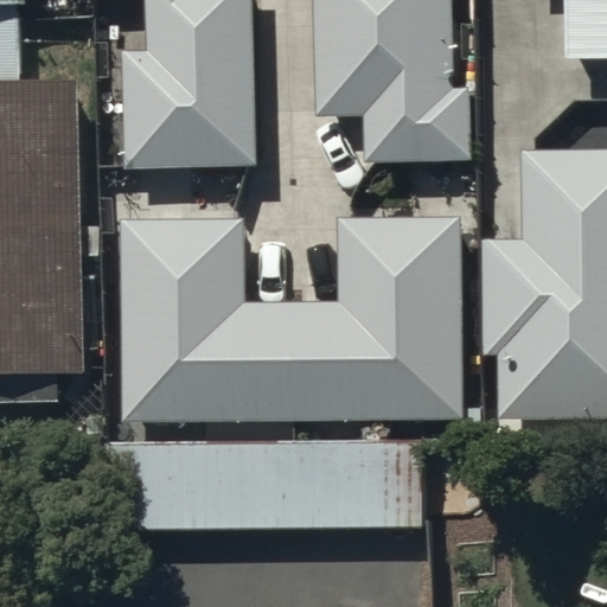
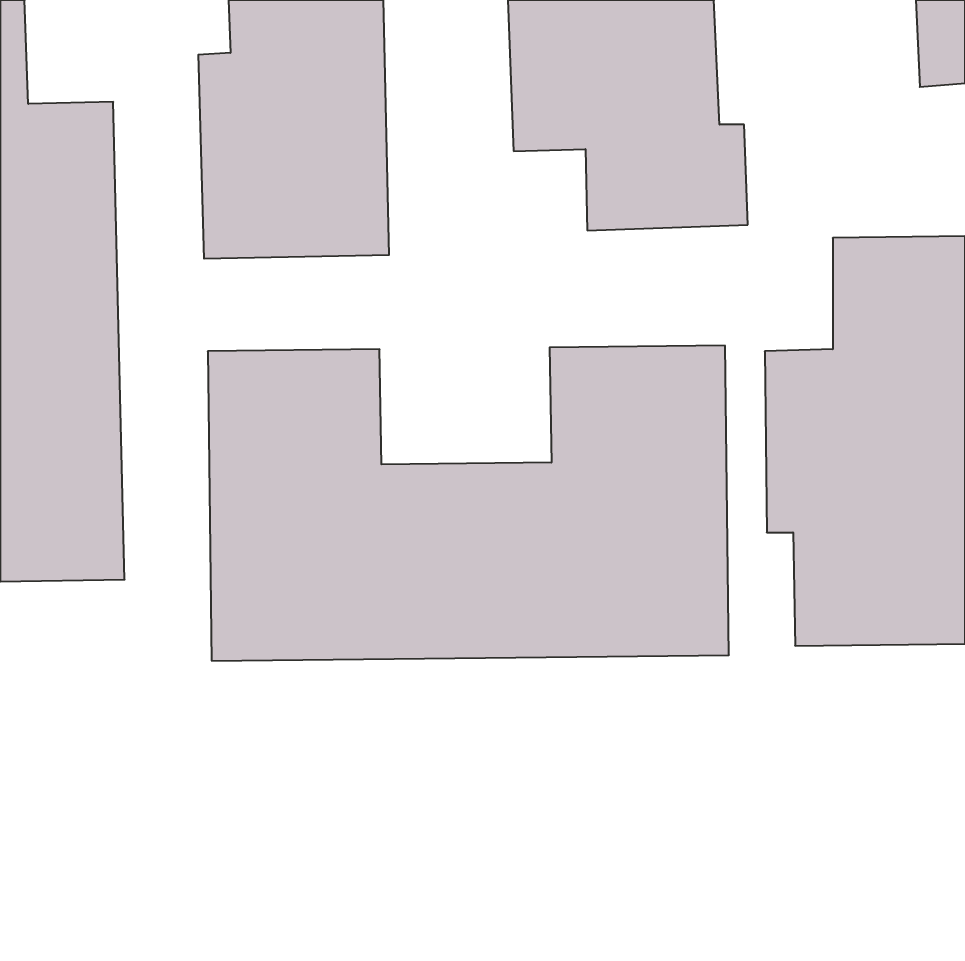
building: [111,440,420,536] -> none

